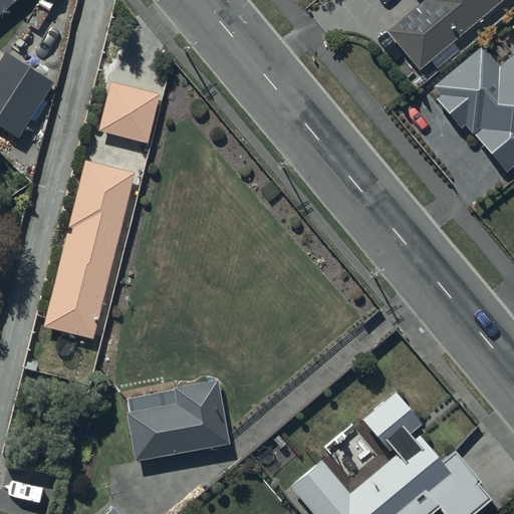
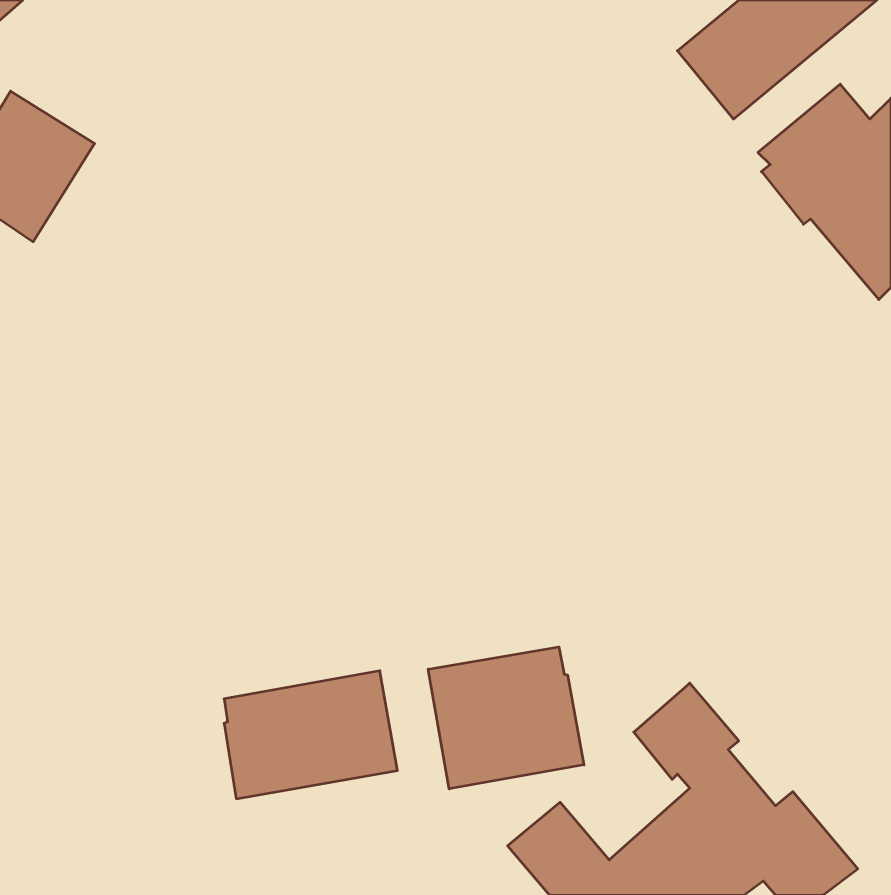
building: [100,82,161,144] -> none
building: [45,162,138,339] -> none
building: none -> [428,647,584,789]

